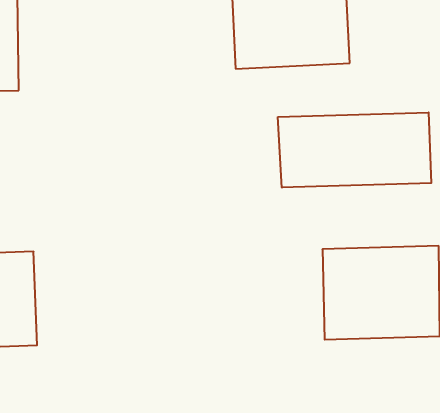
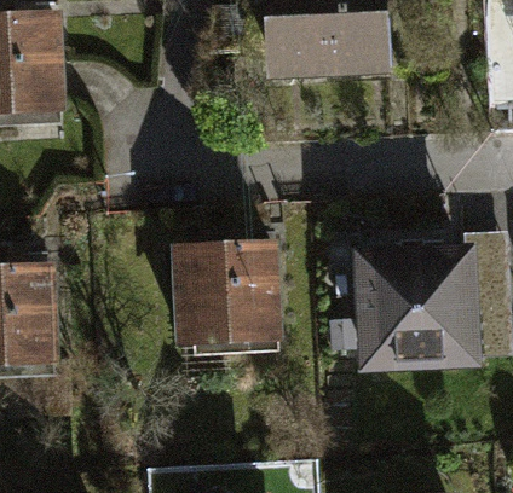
building: [278,112,431,188] -> none
building: none -> [173,253,277,355]

